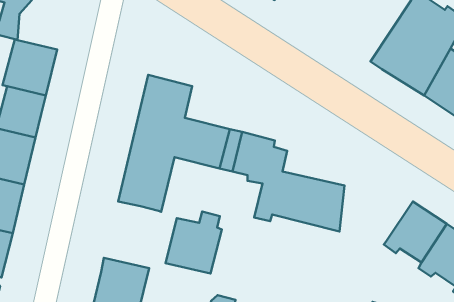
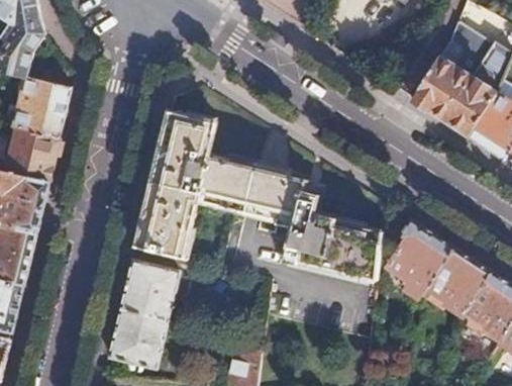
building: none -> [391,221,453,292]
building: [166,212,222,274] -> [121,255,182,321]

